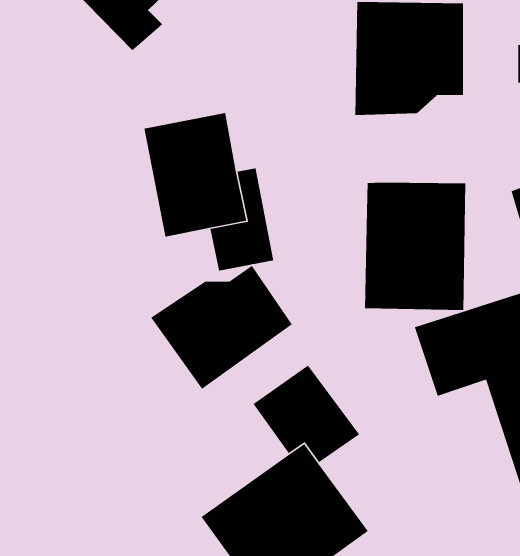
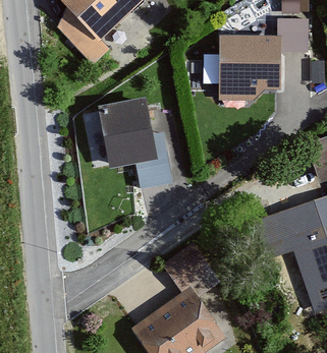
building: [364,182,466,311] -> none
building: [150,265,293,390] -> none

